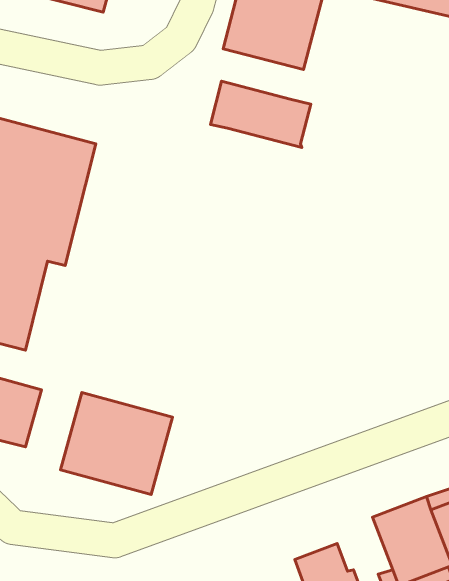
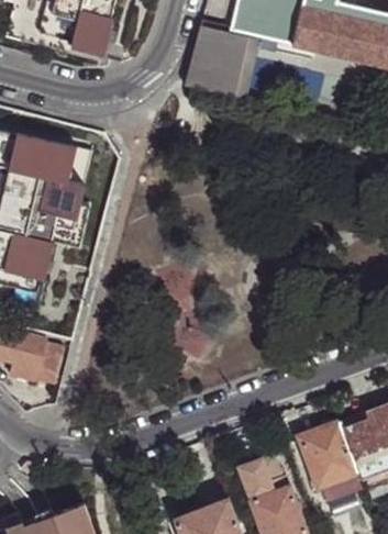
building: [210,81,311,148] -> none
building: [61,392,173,495] -> none

